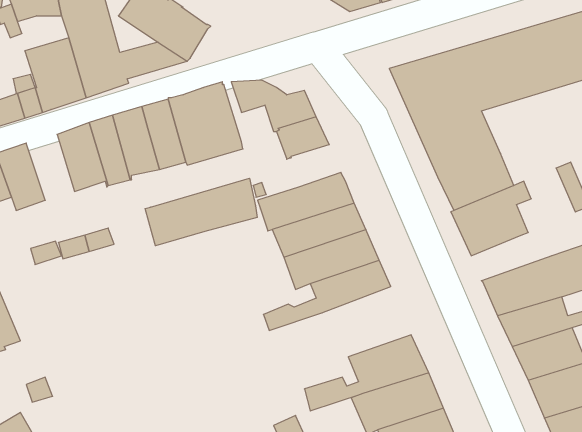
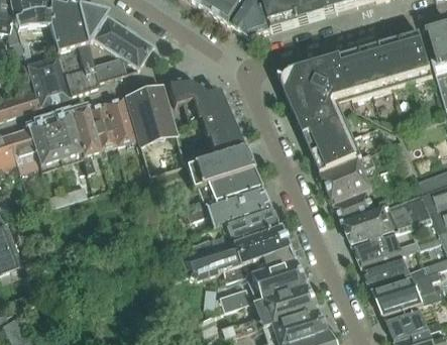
building: none -> [27,119,61,164]
building: none -> [209,126,244,155]
building: [145,178,257,246] -> none
building: none -> [334,189,375,220]
building: none -> [181,224,293,280]

